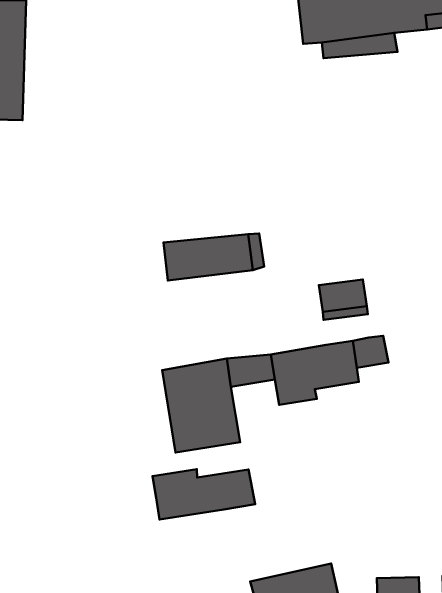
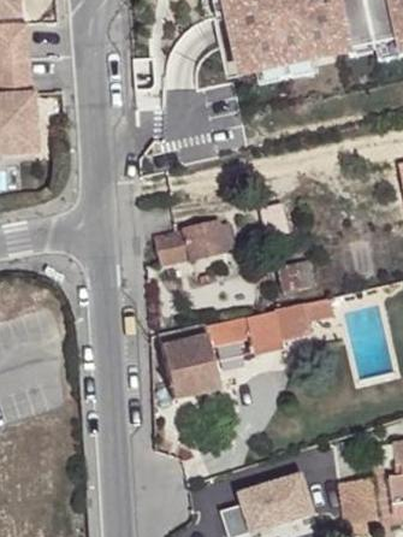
building: [153,469,255,519] -> none

